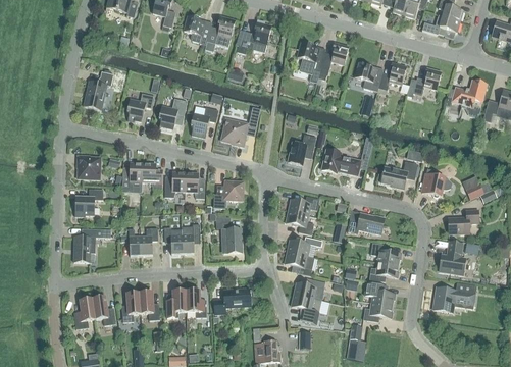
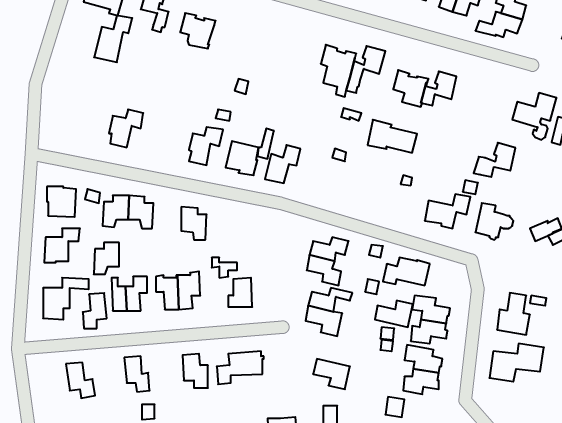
building: [205,15,236,51] -> none
building: [236,18,271,53] -> none
building: [407,67,441,95] -> [474,143,515,177]
building: [83,71,113,109] -> [94,15,132,62]
building: [158,98,187,130] -> none
building: [287,134,315,164] -> [265,145,300,183]
building: [321,149,361,175] -> [368,120,417,153]
building: [164,171,185,197] -> [94,243,119,274]
building: [216,180,243,200] -> none
building: [448,209,478,233] -> none
building: [294,278,324,300] -> [375,301,413,327]
building: [166,291,187,318] -> none
building: [121,293,141,321] -> [83,293,107,328]
building: [73,298,95,329] -> none

